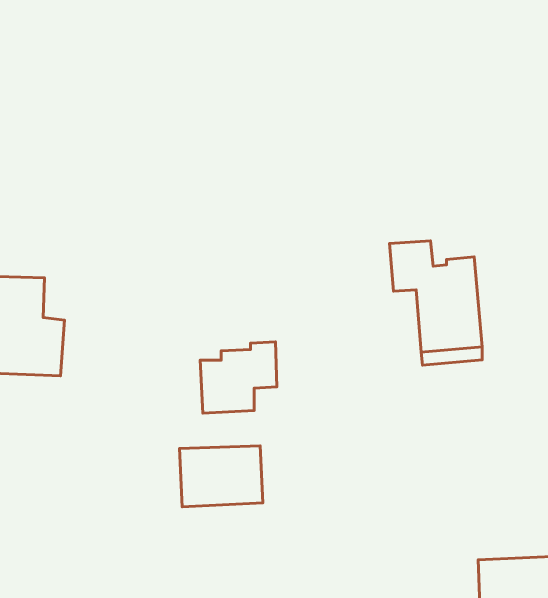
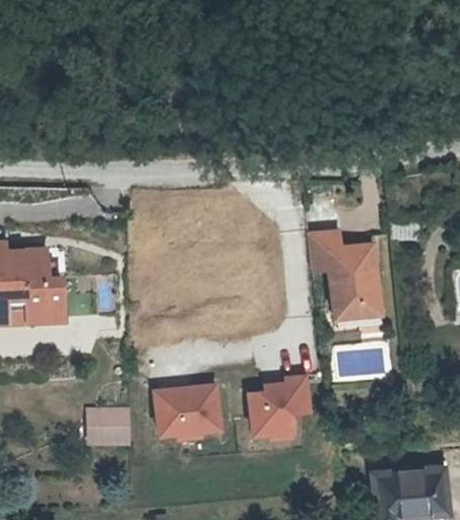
building: [200,342,277,413] -> [256,376,315,431]
building: none -> [92,406,137,439]

